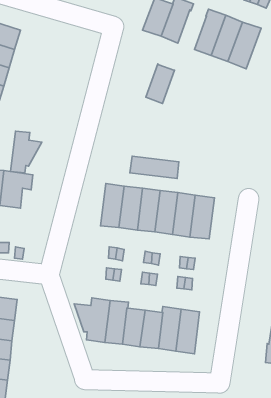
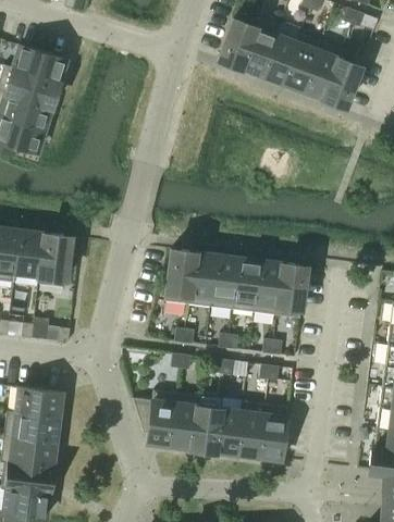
building: [146,64,175,103] -> [261,34,297,83]
building: [11,131,42,173] -> none
building: [130,156,179,179] -> none

